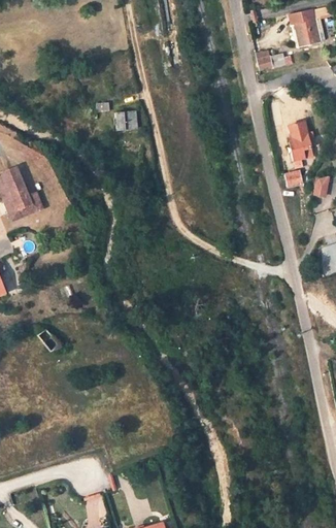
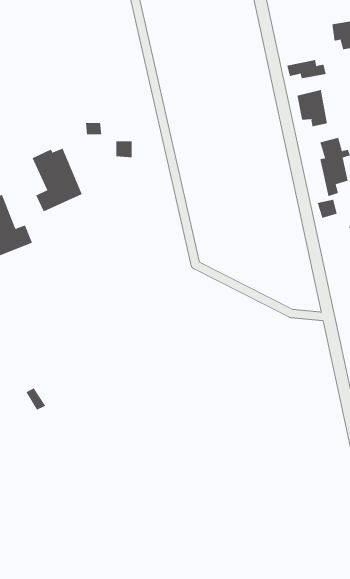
building: none -> [297,89,328,127]
building: none -> [32,148,83,212]

